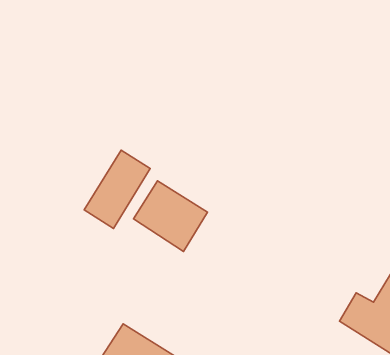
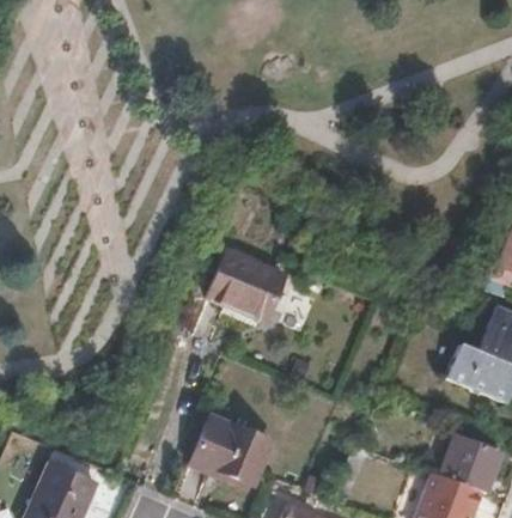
building: [84,150,150,229] -> none

